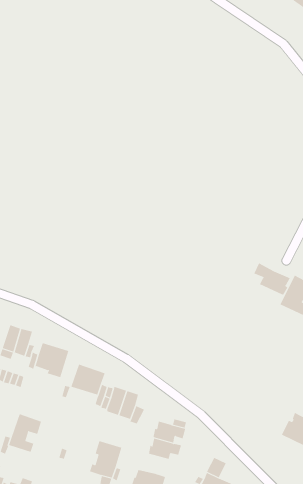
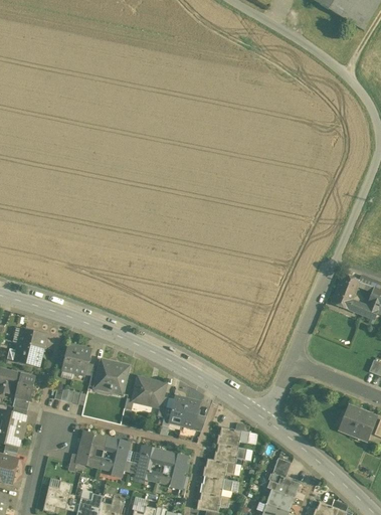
building: [253,263,291,296] -> none
building: none -> [100,437,130,473]
building: none -> [135,446,165,482]
building: none -> [203,459,235,479]

